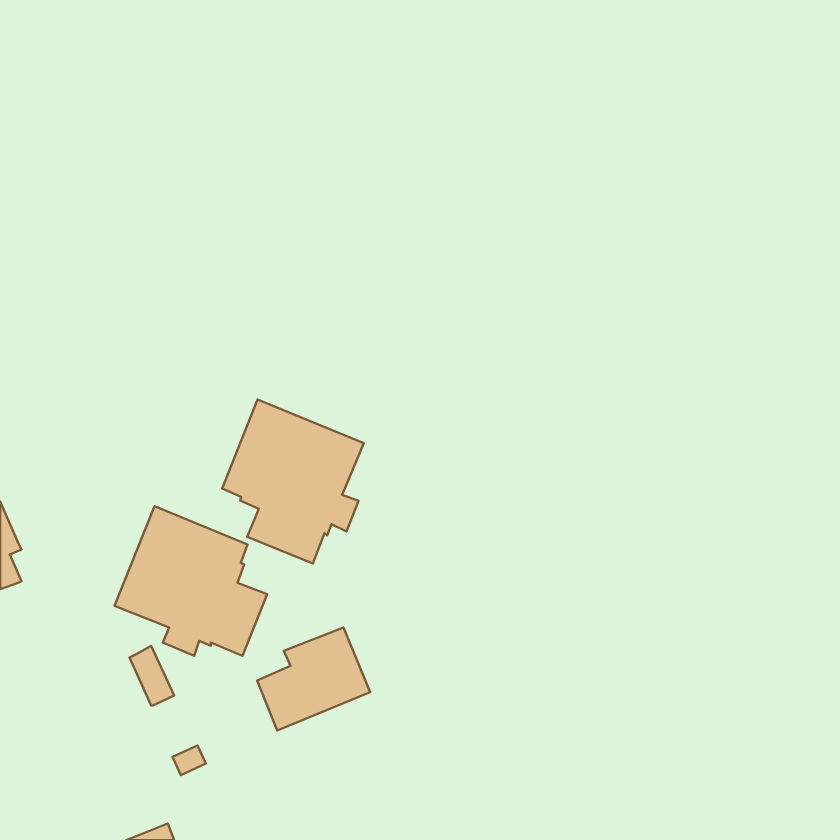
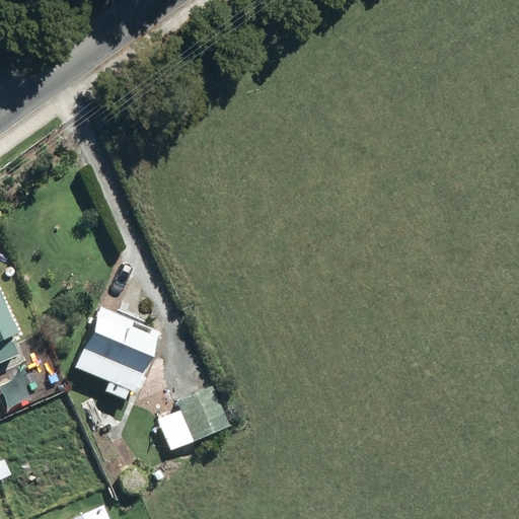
building: [222,400,364,564] -> none

